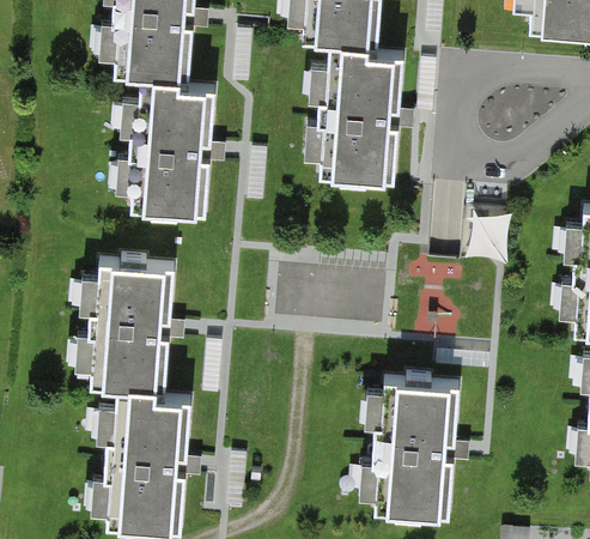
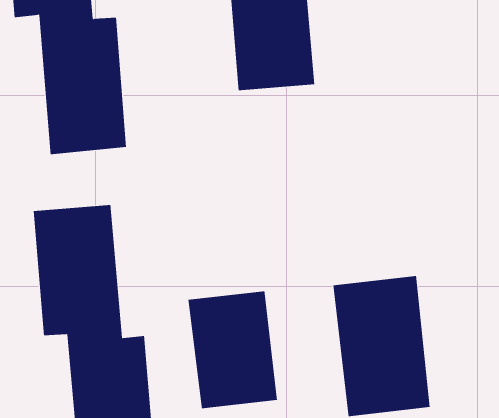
building: none -> [188,291,277,409]

